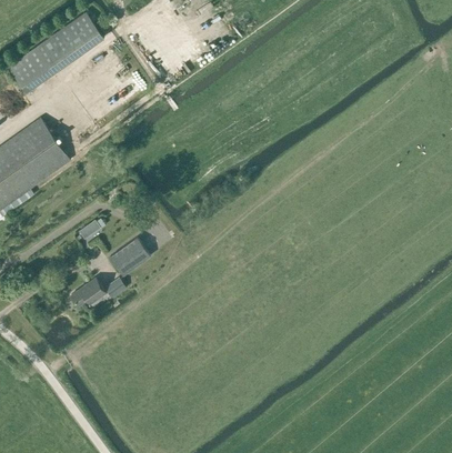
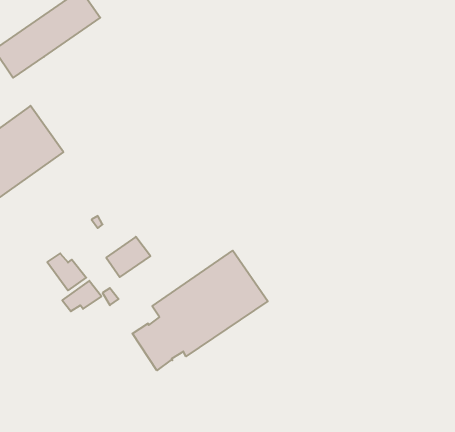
building: none -> [132,251,268,370]
building: none -> [47,253,86,290]

